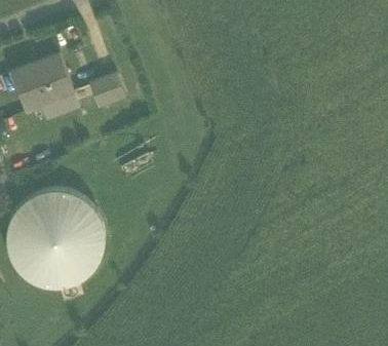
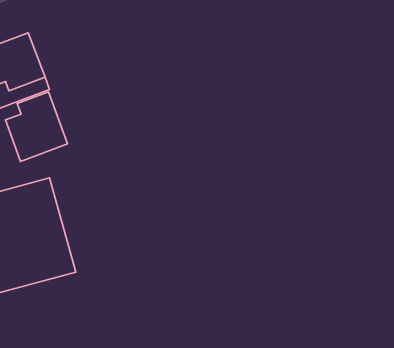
building: [84,73,119,105] -> none
building: none -> [5,92,68,161]

